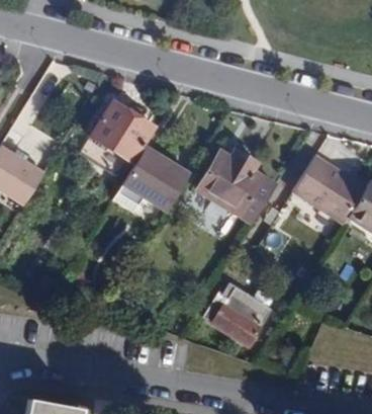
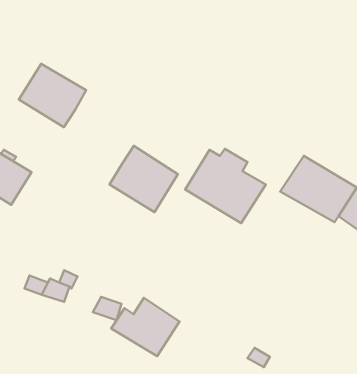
building: [91,100,158,163] -> [19,64,86,127]
building: [204,286,272,344] -> [111,298,180,356]

